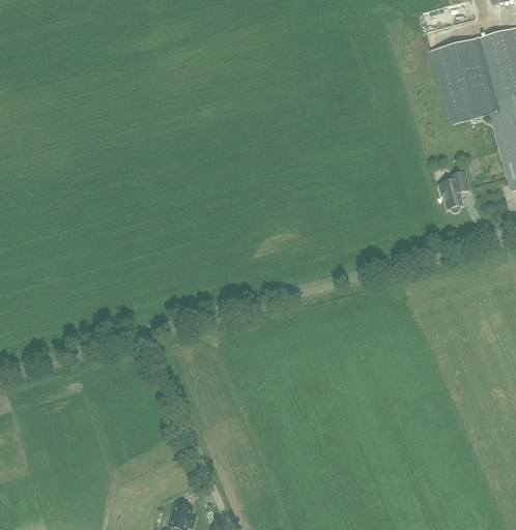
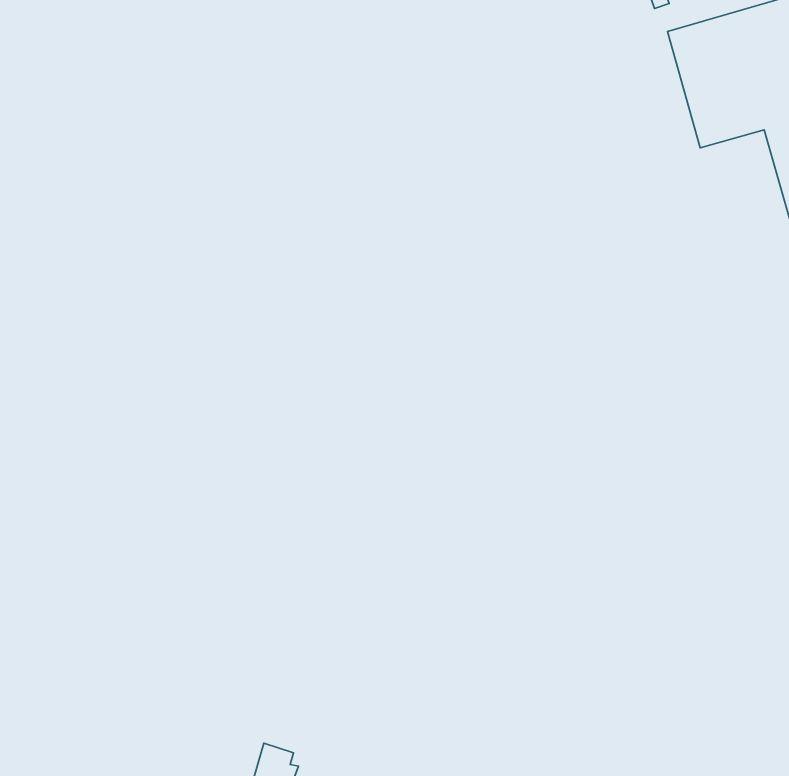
building: [438,173,469,210] -> none

